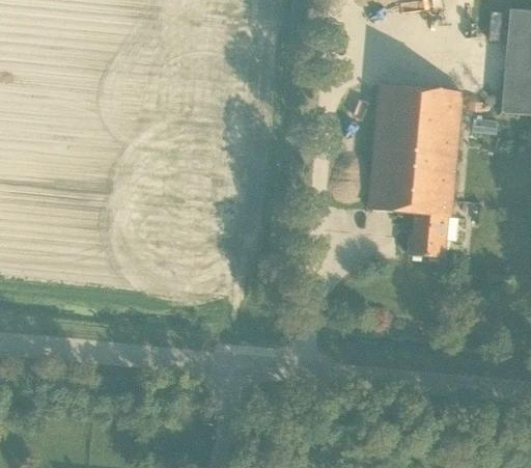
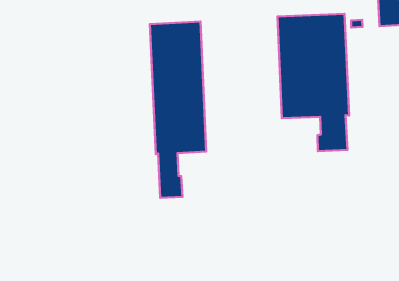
building: none -> [150,22,206,198]

